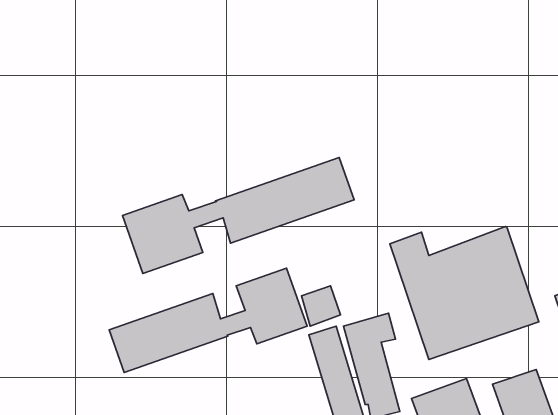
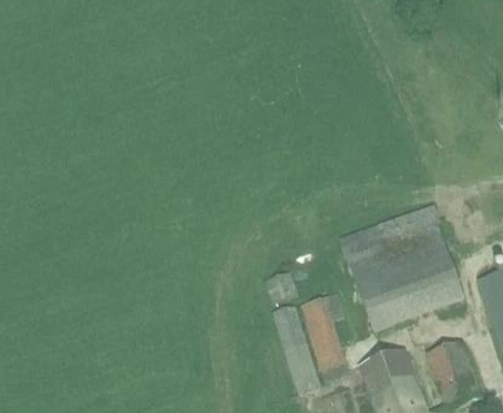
building: [122,158,354,273] -> none
building: [109,268,307,372] -> none

